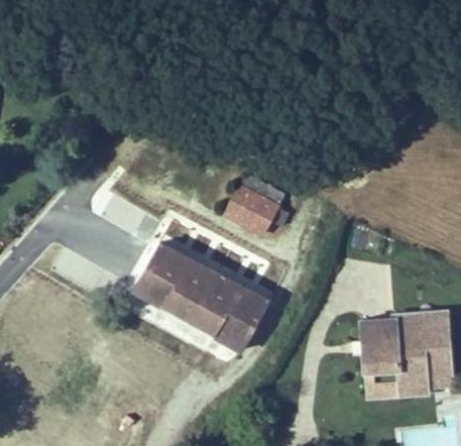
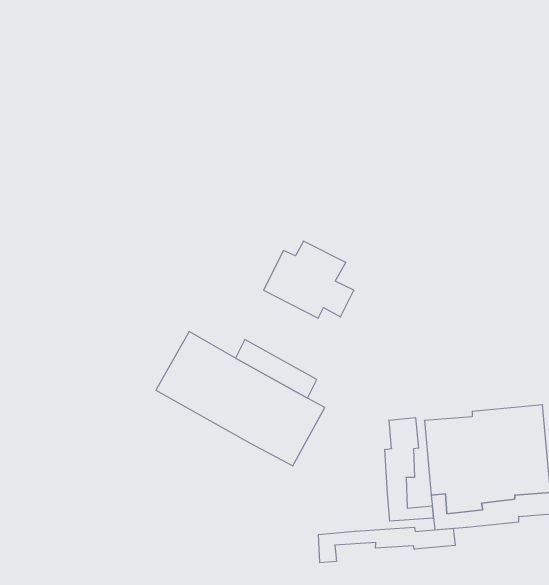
building: none -> [385,418,433,521]
building: none -> [319,527,455,563]

